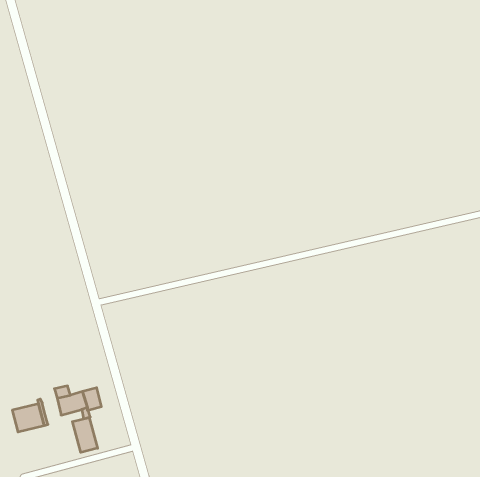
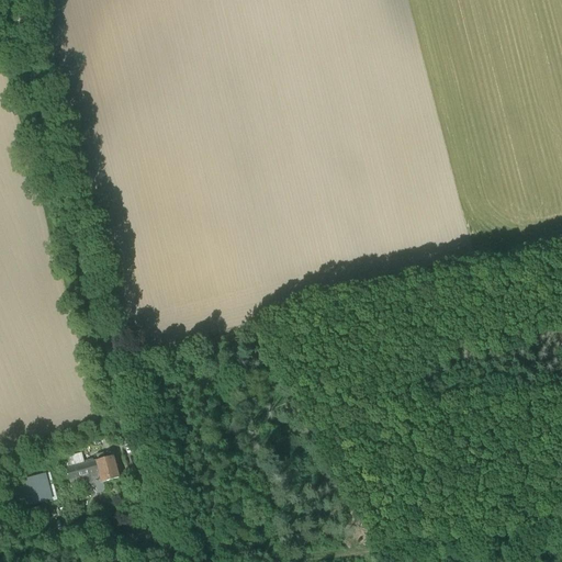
building: [72,417,98,452] -> none

